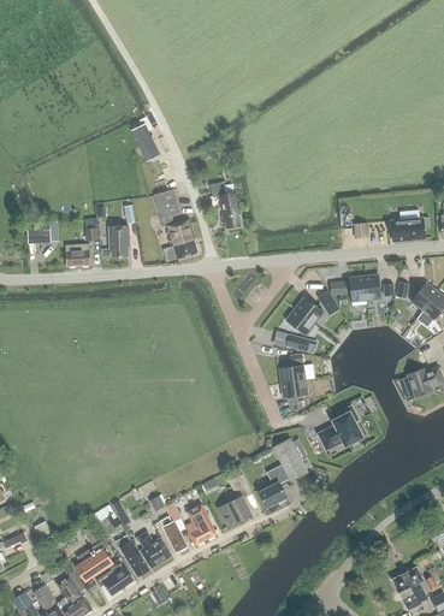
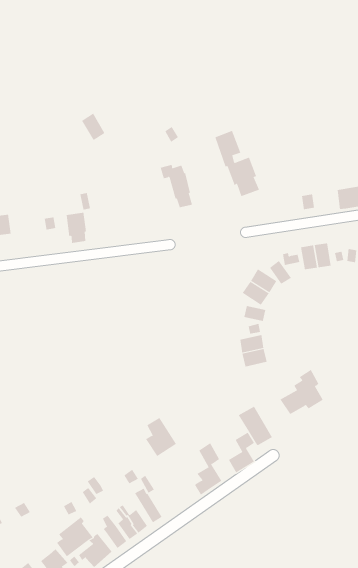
building: [154,190,197,260] -> [214,130,260,197]
building: [65,244,90,267] -> none
building: [184,505,217,546] -> [145,417,177,457]

